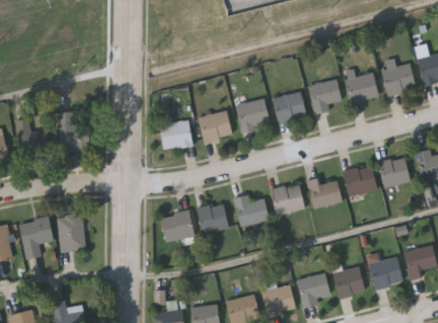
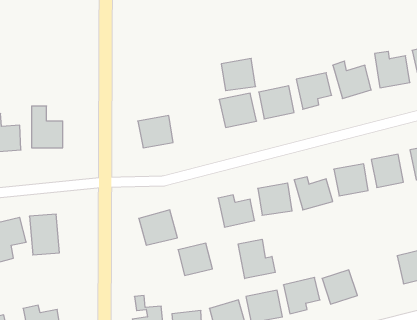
building: [199,111,231,142] -> [221,58,256,91]
building: [197,204,229,234] -> [178,243,212,275]
building: none -> [238,239,275,279]
building: [368,257,403,290] -> none

